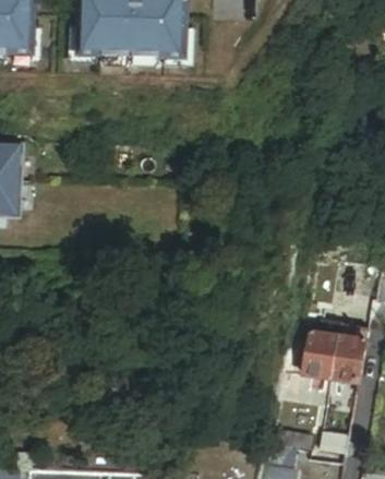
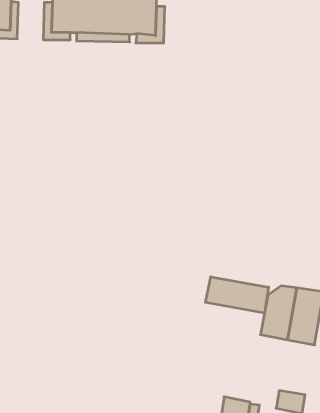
building: none -> [205,277,269,313]

